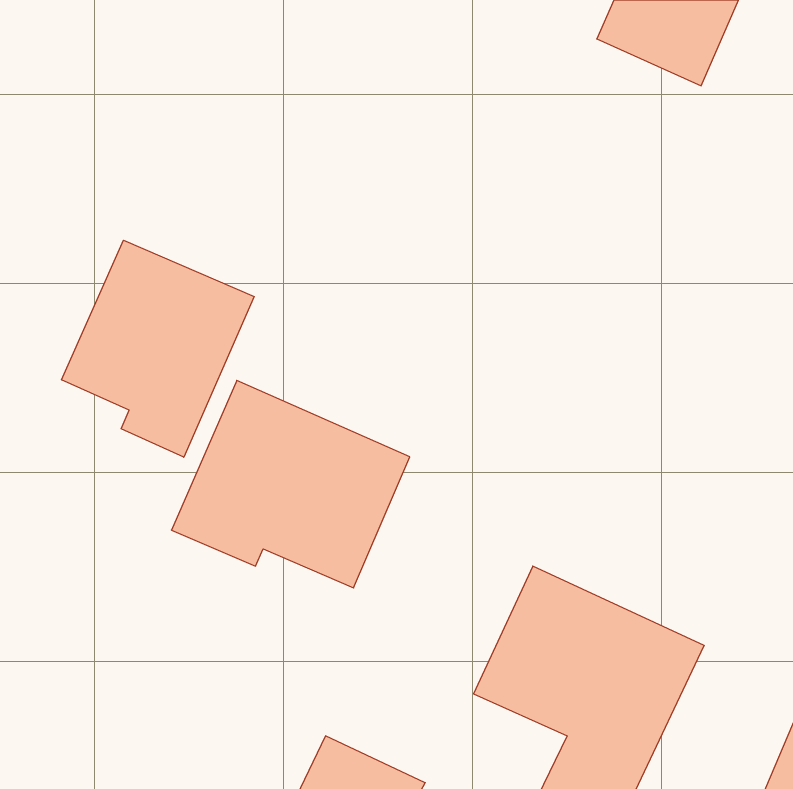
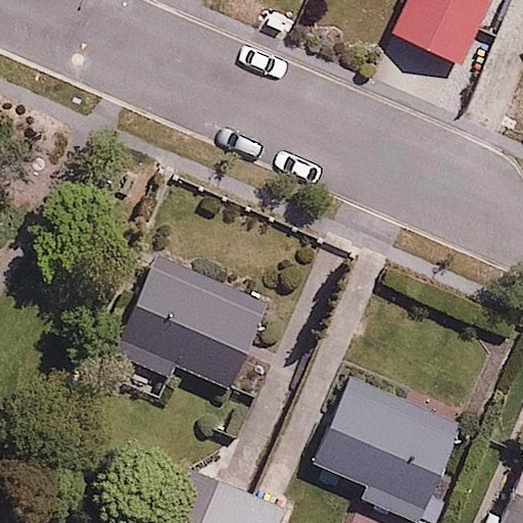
building: [62,240,254,457] -> none

